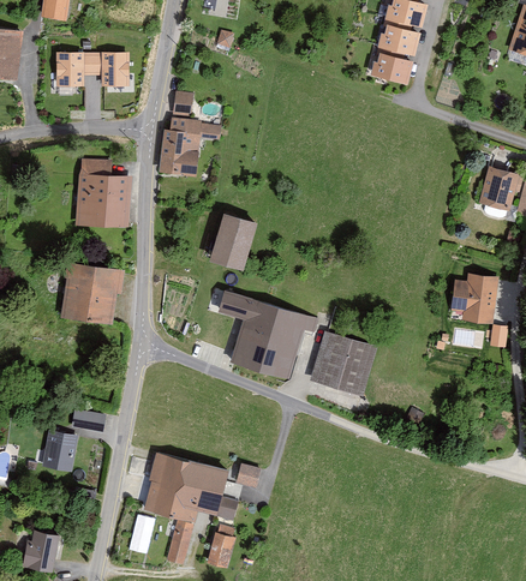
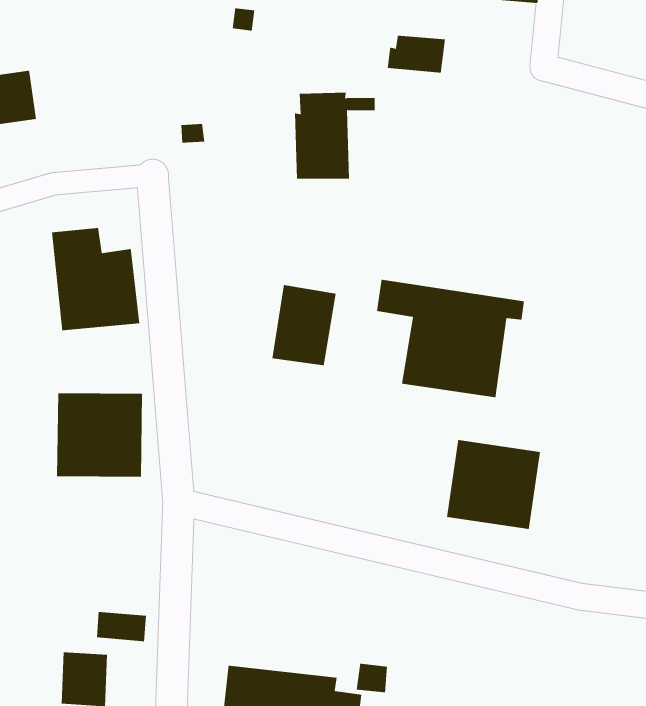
building: [100,52,126,84] -> none
building: [371,55,412,84] -> [387,35,446,73]
building: [160,116,219,176] -> [294,92,375,179]
building: [219,290,316,378] -> [376,279,525,398]

